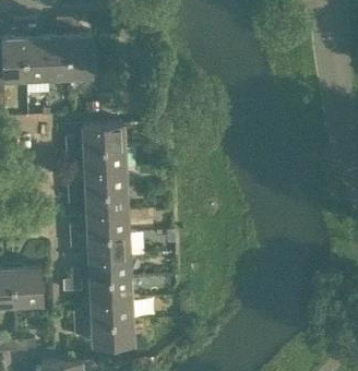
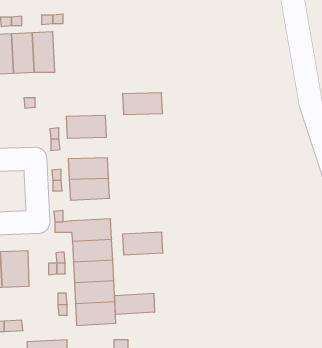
building: [68,36,93,80] -> none
building: [83,148,126,171] -> [122,93,163,114]
building: [86,213,129,237] -> [123,232,163,255]
building: none -> [115,293,154,314]

